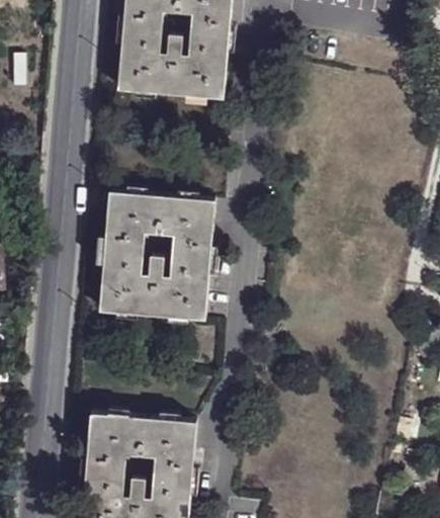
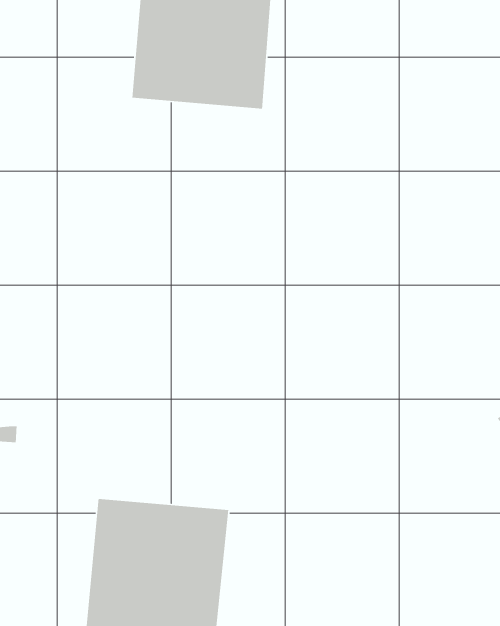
building: [99,192,214,321] -> none

